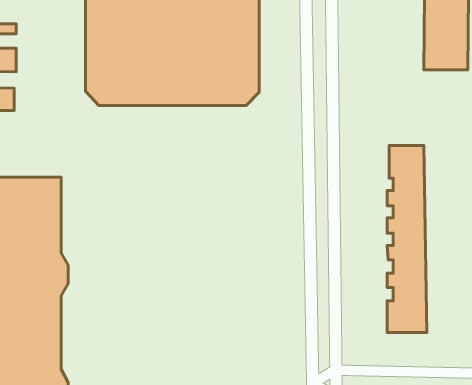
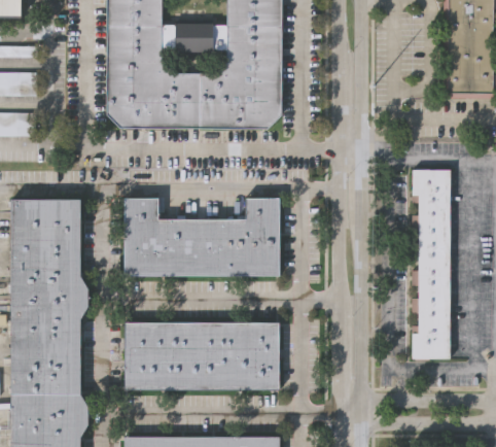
building: none -> [126,196,279,273]
building: none -> [126,318,280,387]

